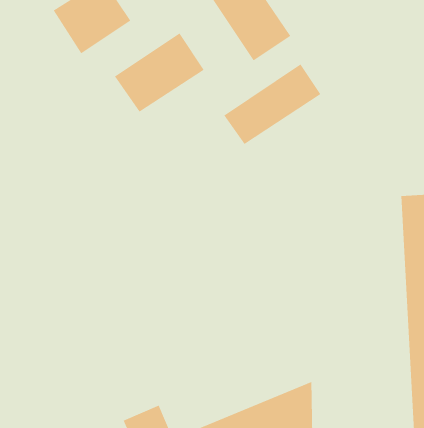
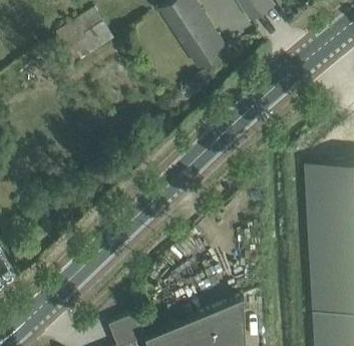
building: [114,32,205,113] -> none
building: [224,64,321,145] -> none

